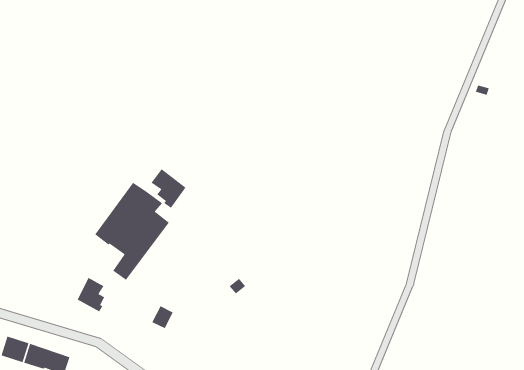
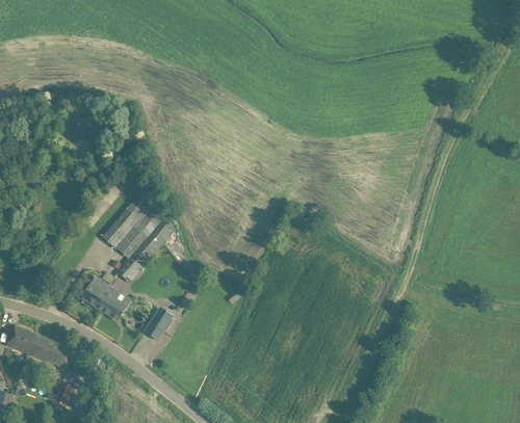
building: [151,168,187,209] -> none
building: none -> [101,285,130,319]

